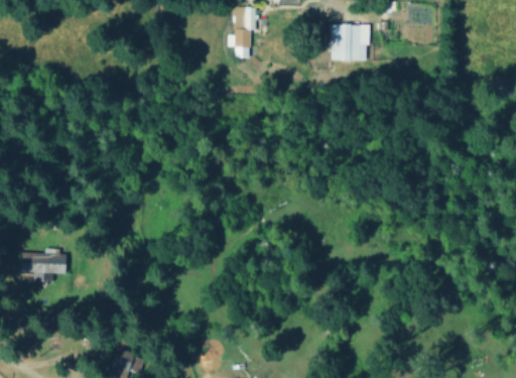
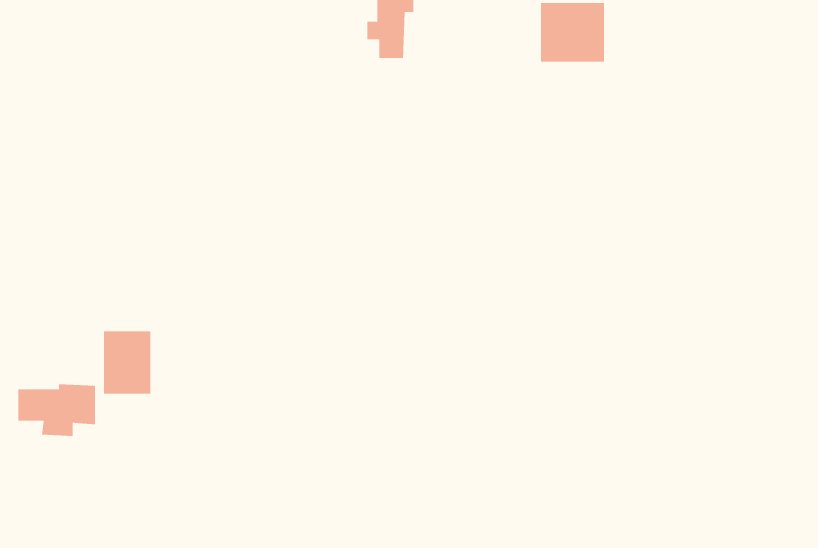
building: none -> [103,331,151,394]

